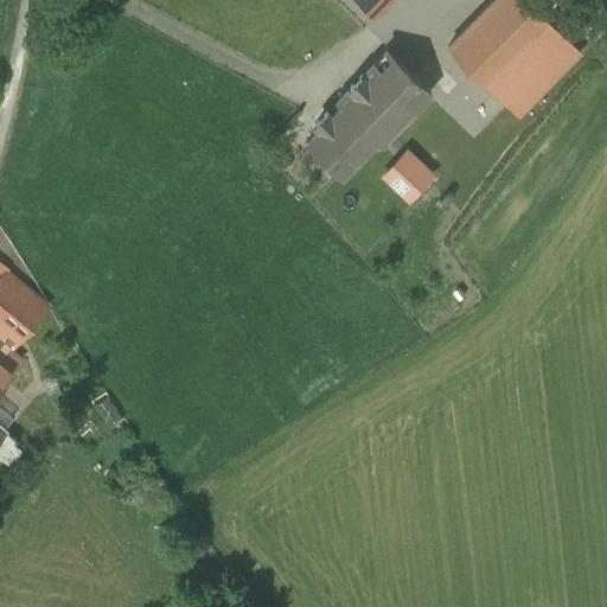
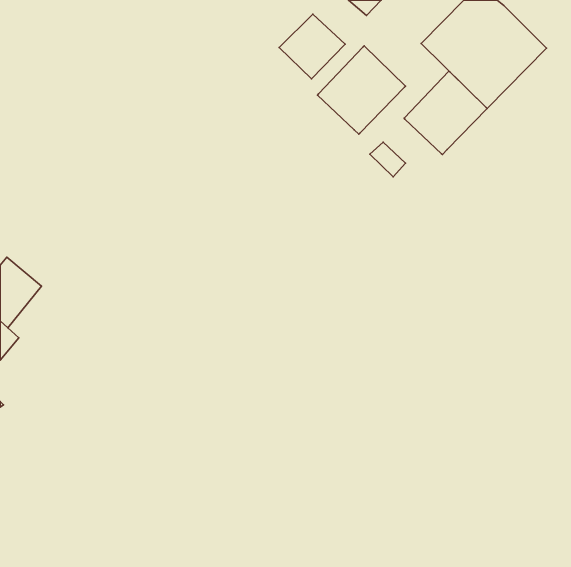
building: none -> [404,71,487,155]
building: [306,110,376,179] -> [279,14,345,79]

